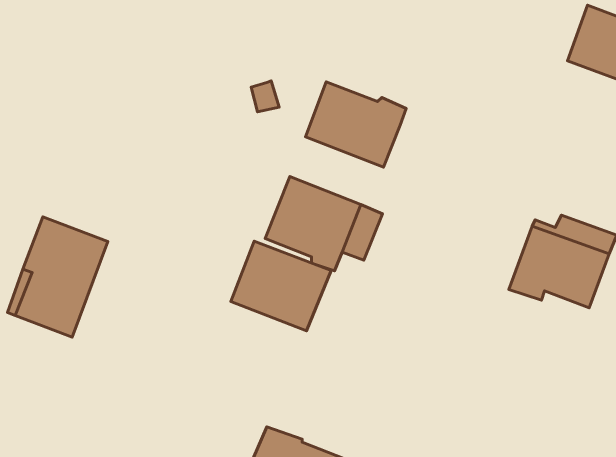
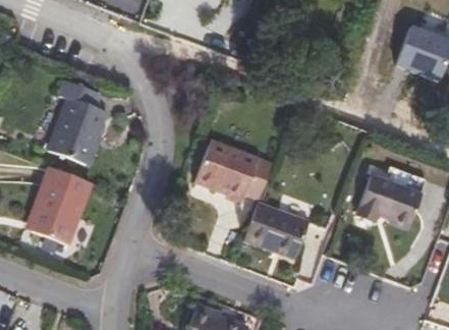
building: [305,82,406,167] -> none
building: none -> [48,79,106,165]
building: [231,241,331,331] -> [243,201,310,260]

